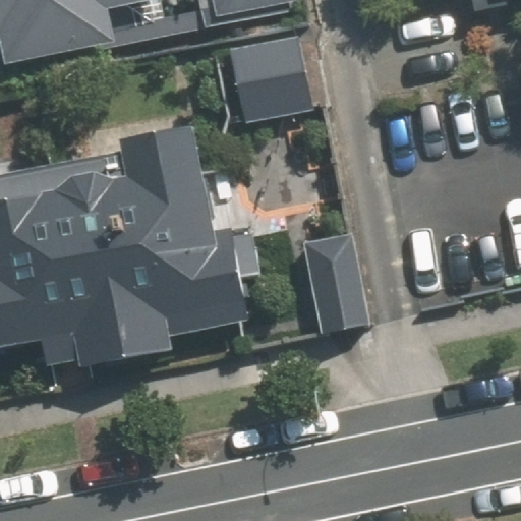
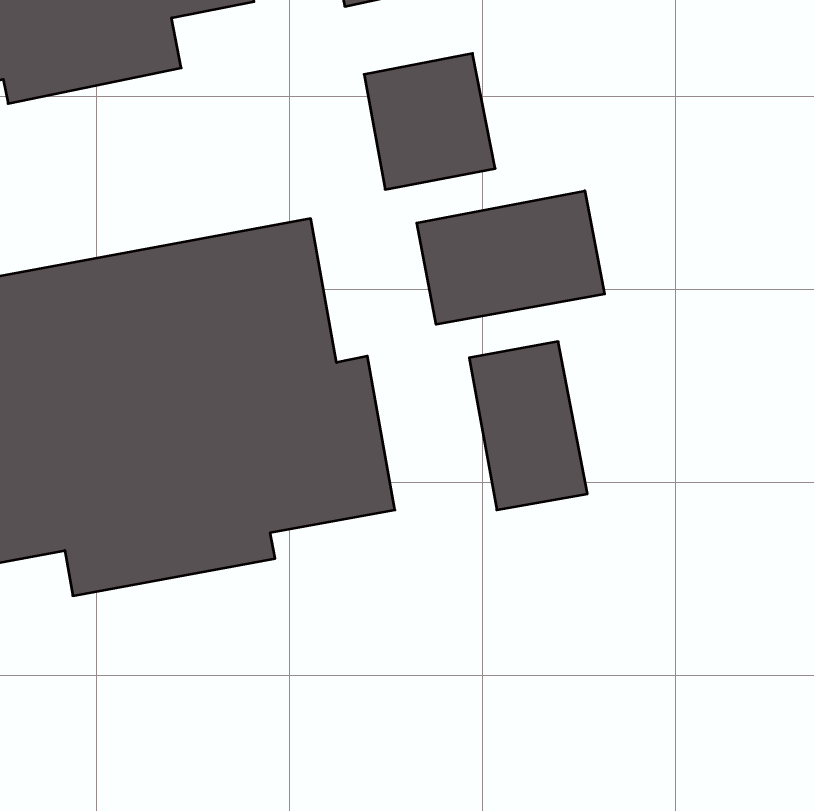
building: none -> [417,191,605,324]

